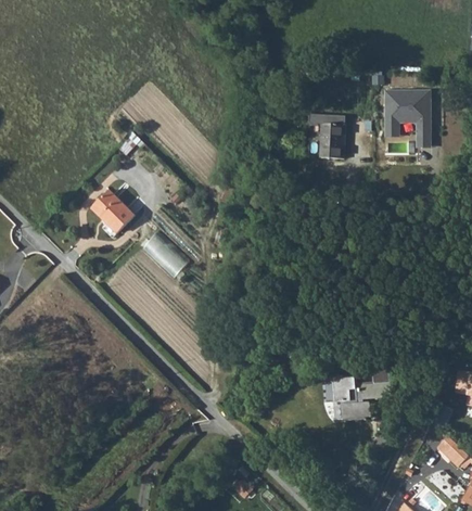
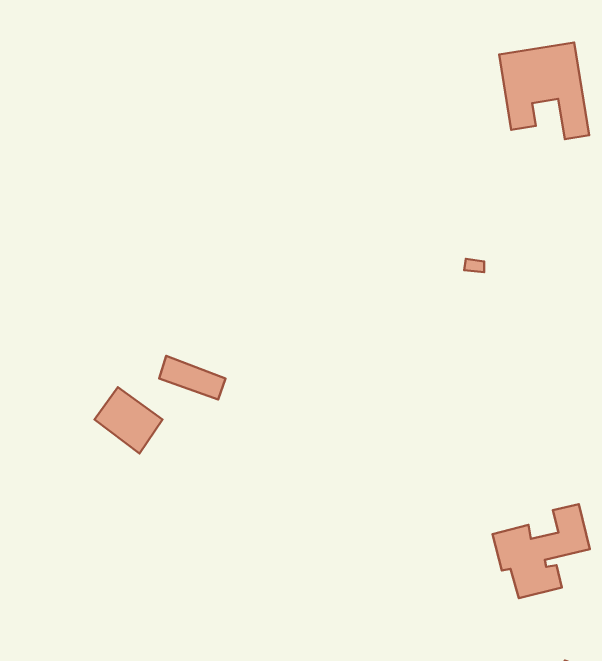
building: [308,115,344,159] -> none
building: [93,190,135,232] -> [95,387,163,454]

